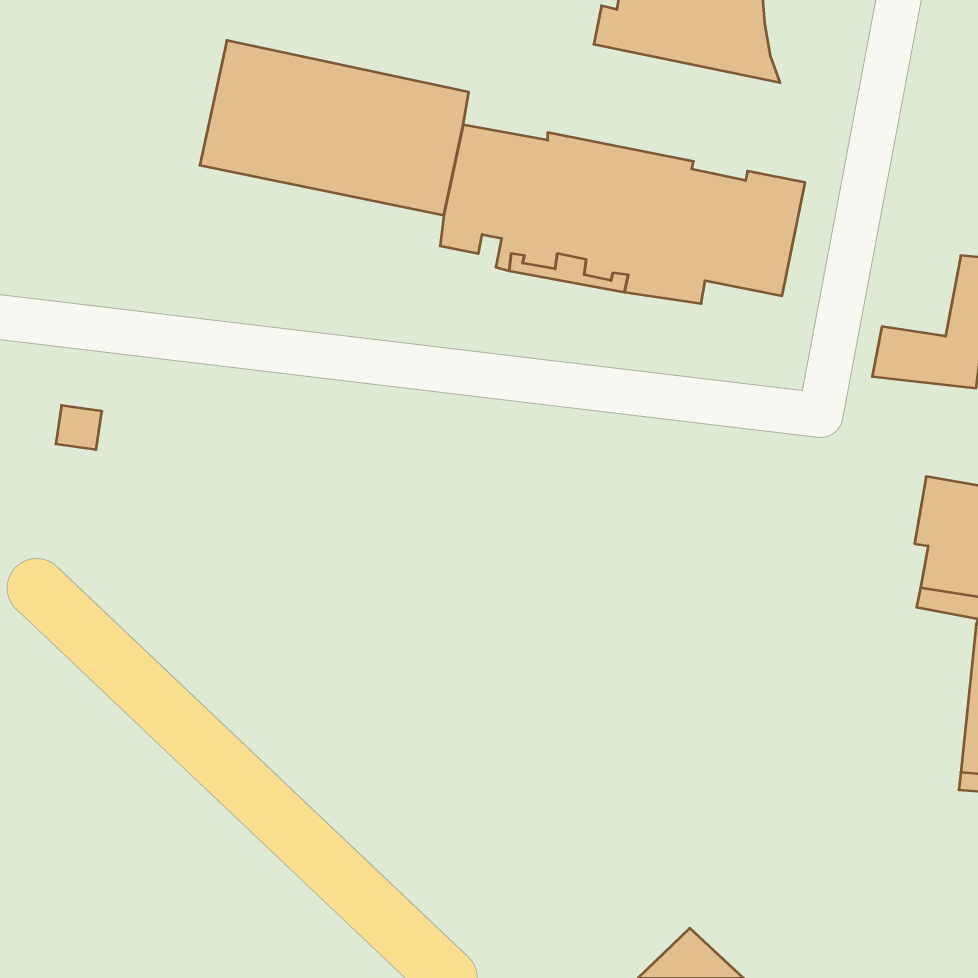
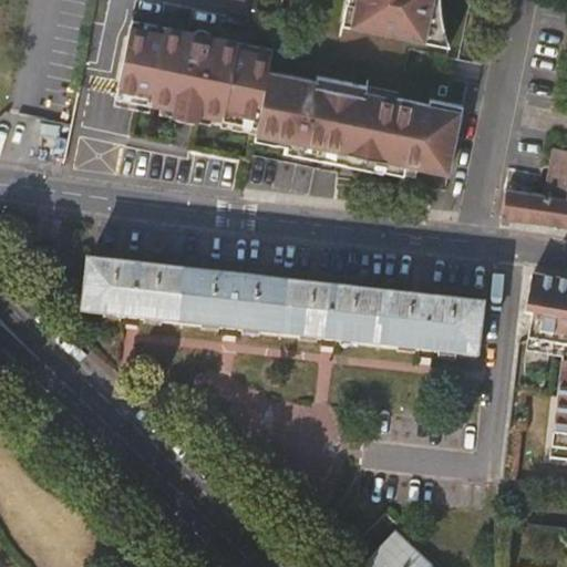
building: none -> [85,256,484,359]

